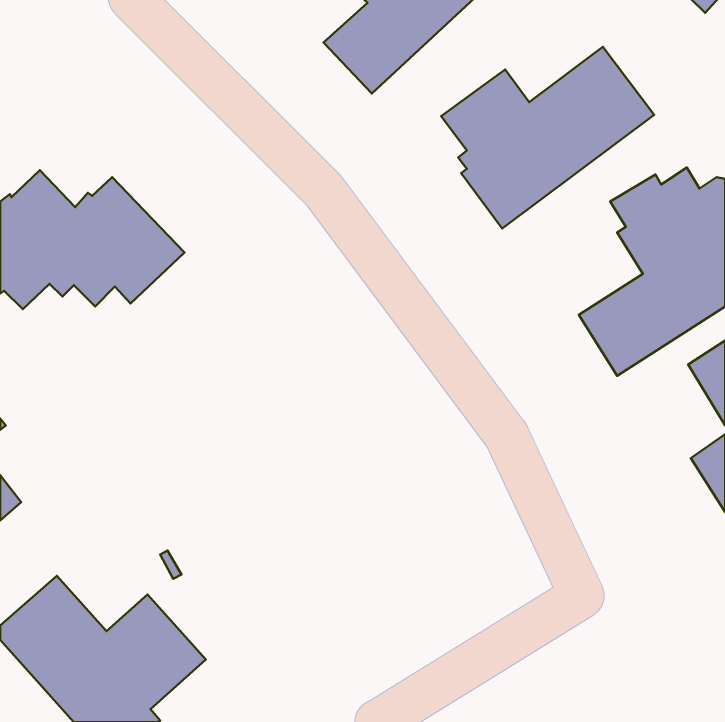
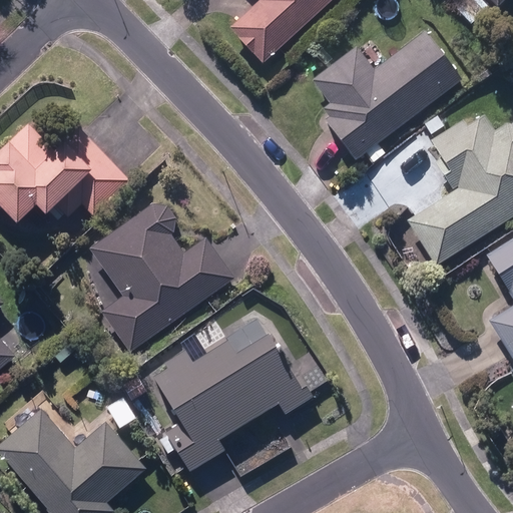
building: none -> [89,201,234,352]
building: none -> [152,329,314,470]

